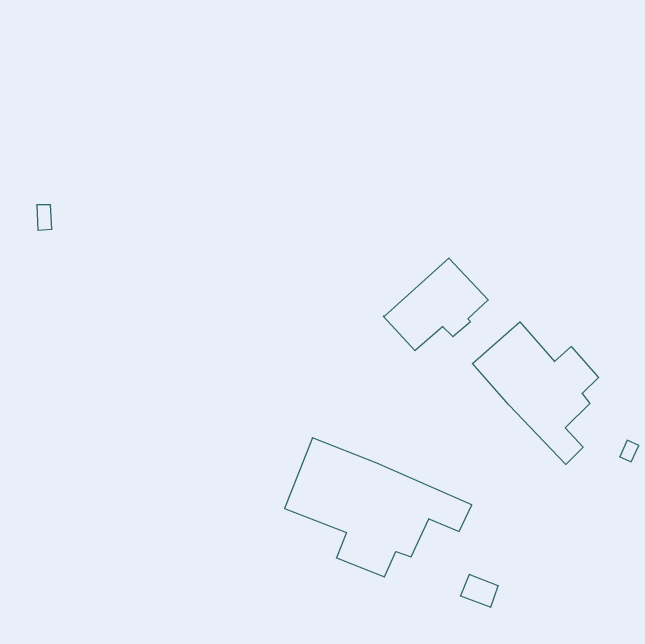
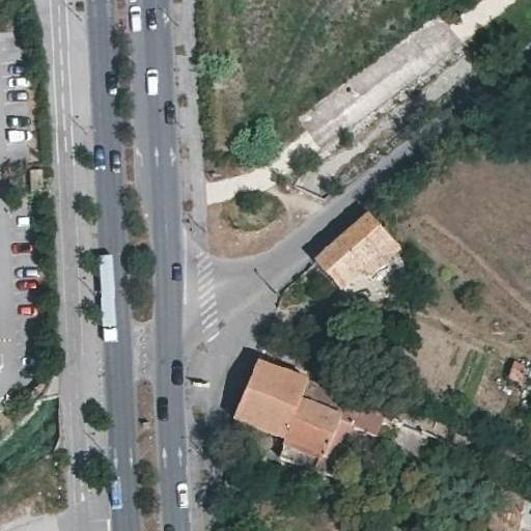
building: [472,322,599,464] -> none

